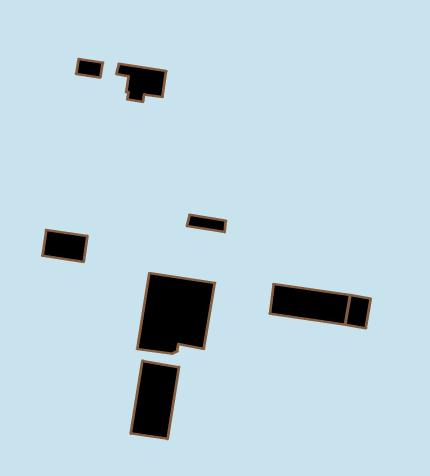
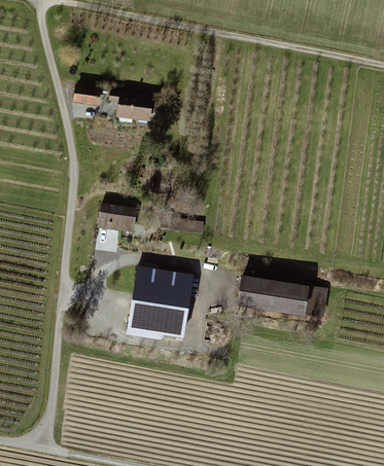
building: [42,230,87,262] -> [98,205,136,231]
building: [131,361,179,439] -> none

